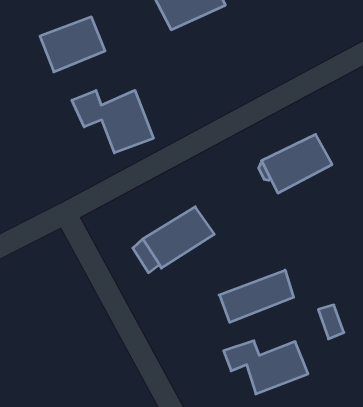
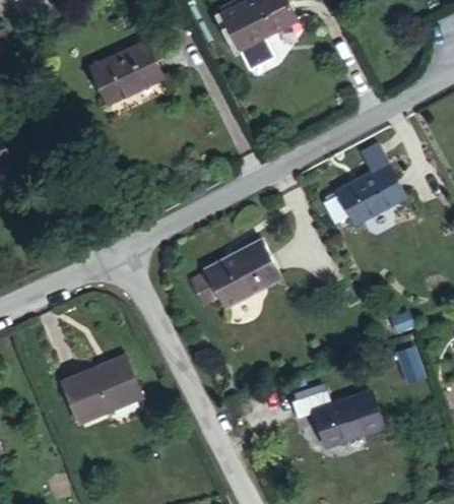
building: [72,90,153,153] -> none
building: [219,270,294,322] -> none
building: none -> [62,352,142,422]

